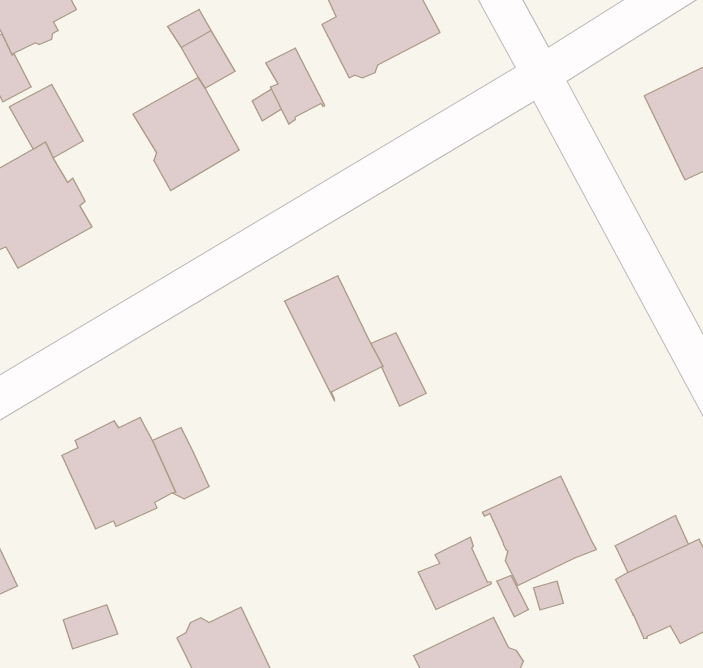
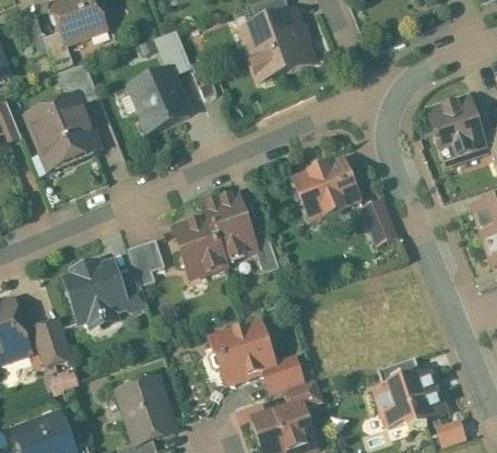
building: [266,48,325,124] -> none
building: none -> [293,157,358,218]
building: none -> [362,199,394,242]
building: none -> [173,203,225,276]
building: none -> [128,238,164,284]
building: [482,476,596,586] -> [211,321,274,381]
building: none -> [32,318,69,363]

